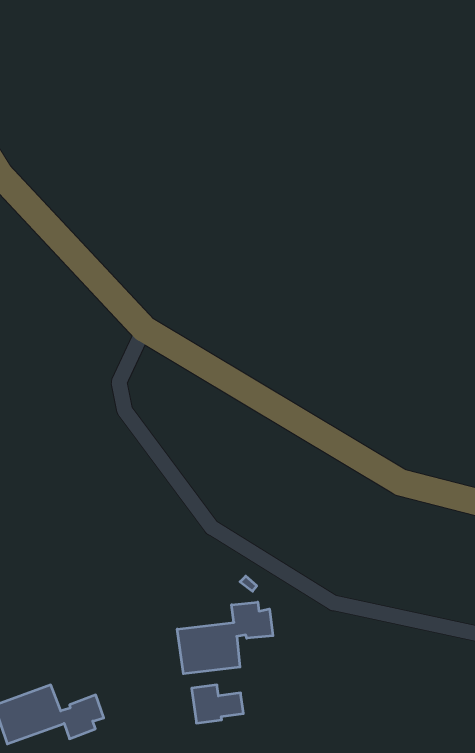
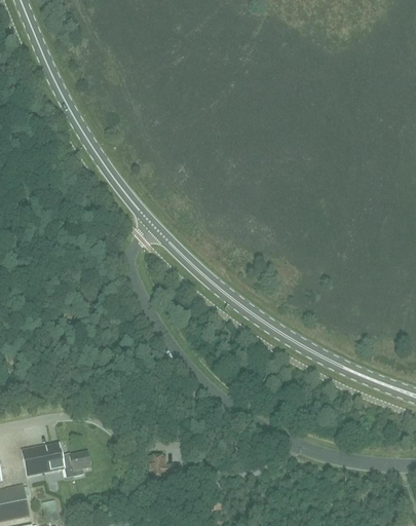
building: [177,602,273,674] -> none

